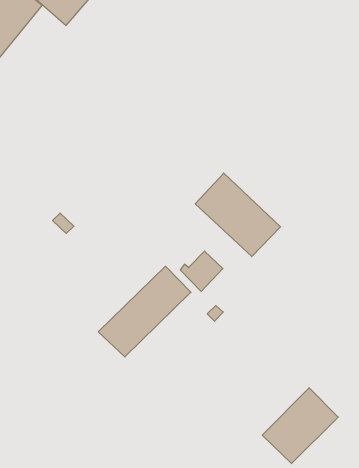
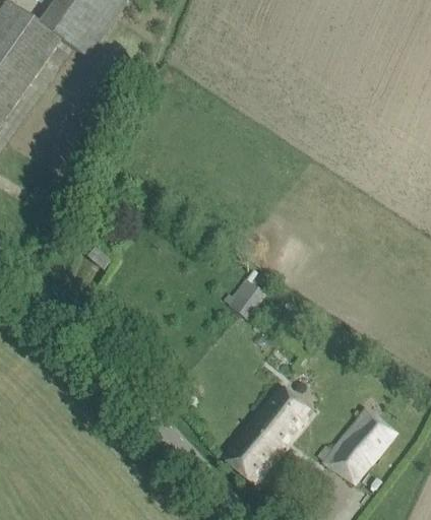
building: [195,173,281,257] -> none
building: [98,266,191,357] -> [223,387,314,483]

